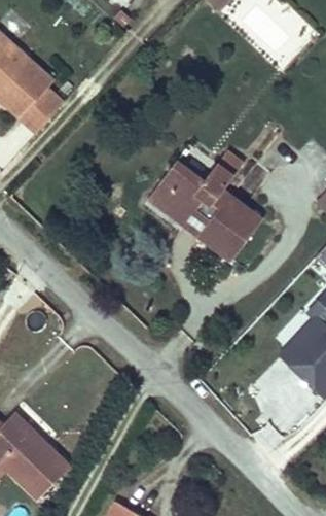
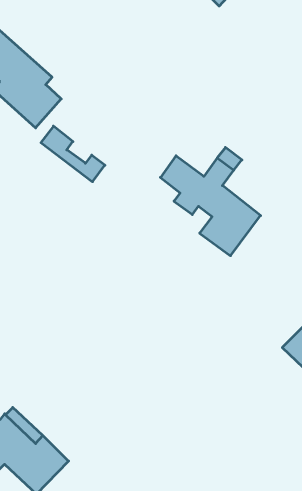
building: [150,183,214,239] -> [41,126,105,182]

